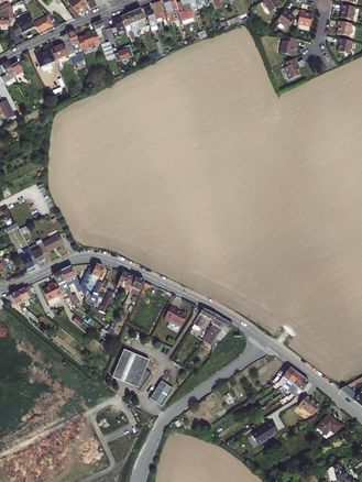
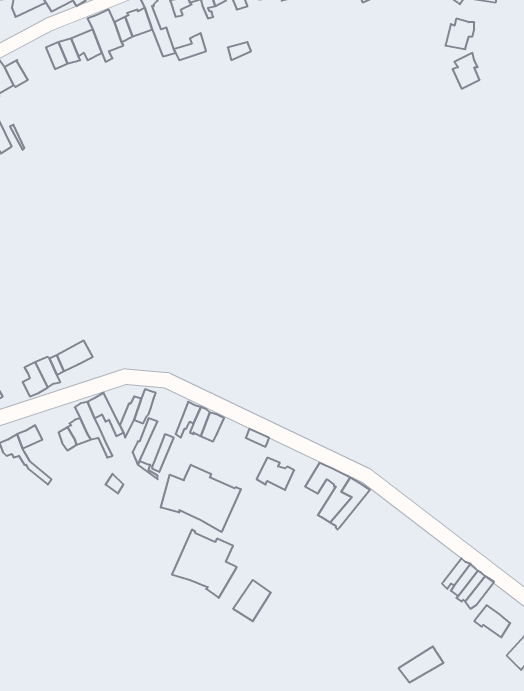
building: none -> [161,465,241,532]

